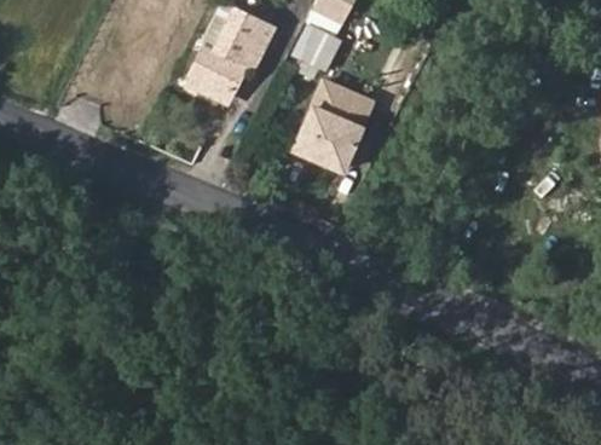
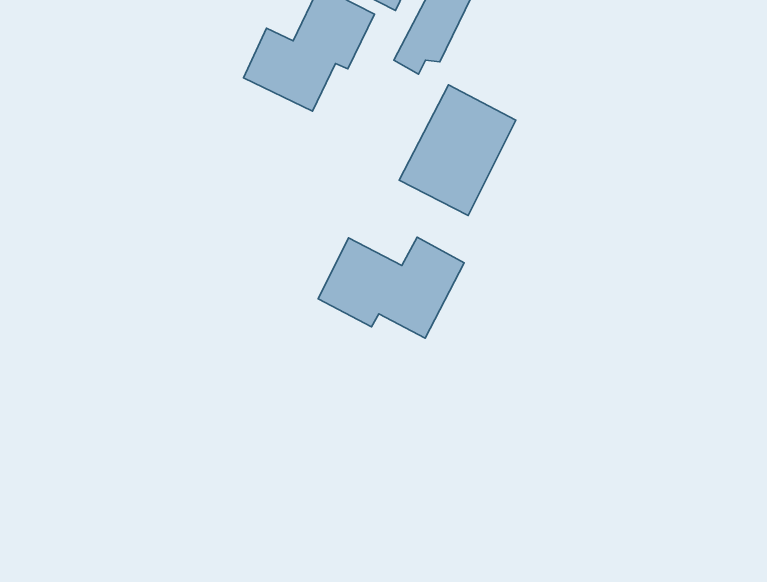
building: none -> [318,237,464,338]

